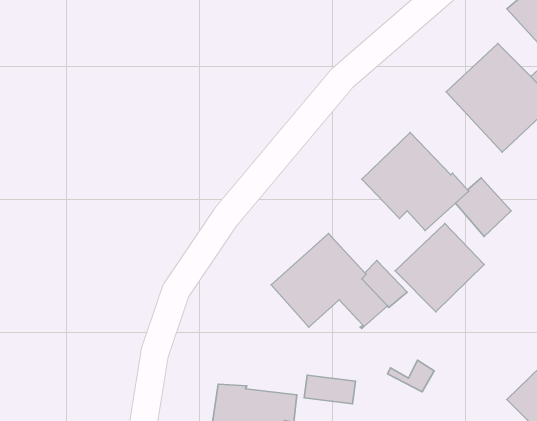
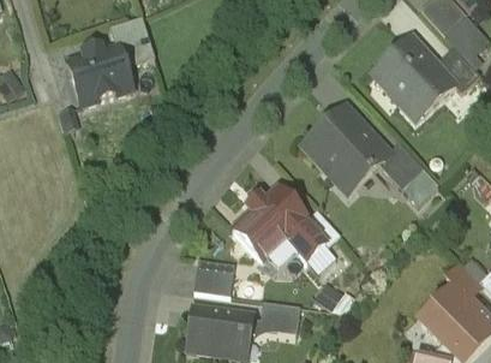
building: none -> [68,47,126,102]
building: [395,223,484,312] -> none
building: none -> [194,258,235,296]

